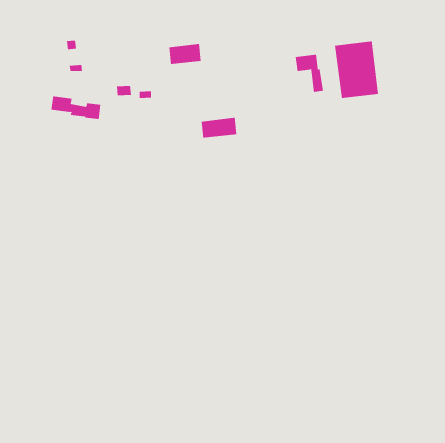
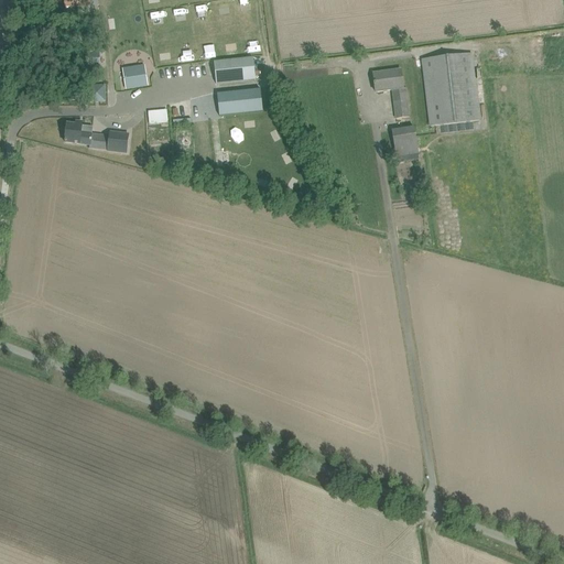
building: none -> [121,63,147,86]
building: none -> [391,126,417,155]
building: [201,117,237,138] -> [216,85,262,111]

